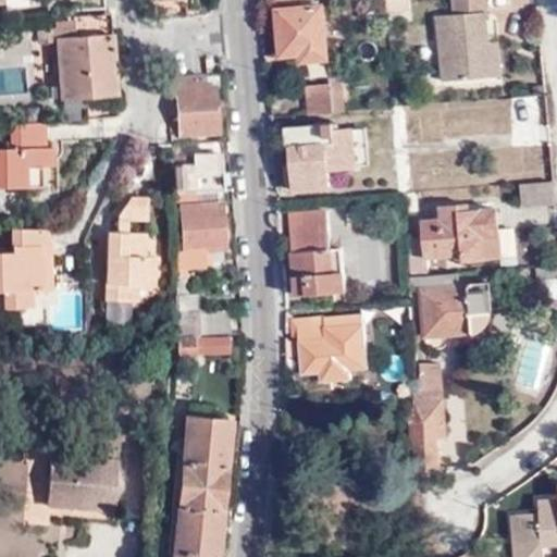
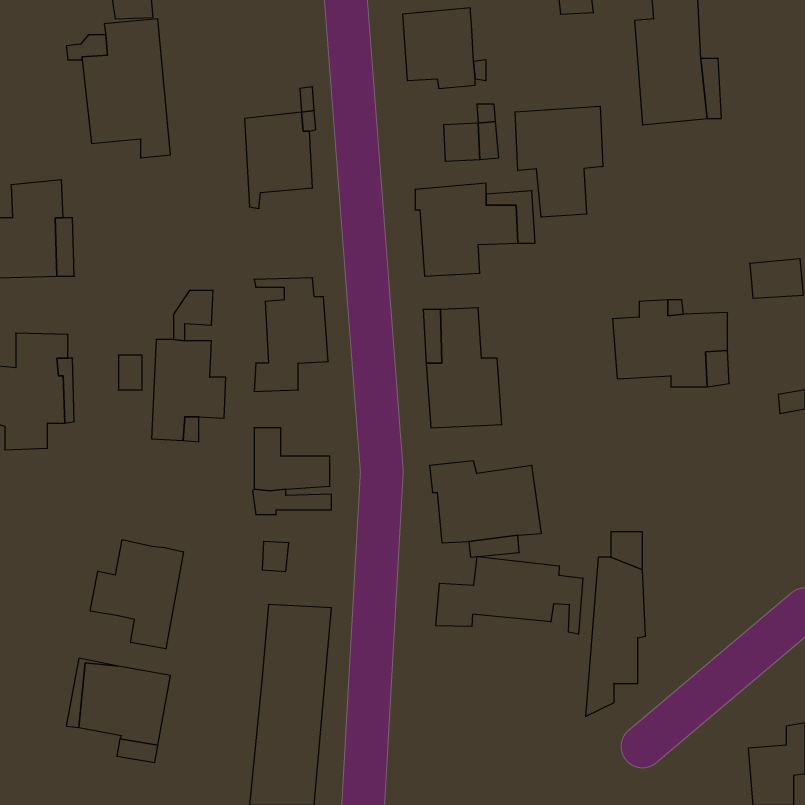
building: none -> [515,106,603,217]
building: [172,143,221,193] -> none
building: [409,281,487,338] -> none
building: none -> [90,540,184,649]
building: none -> [436,557,583,634]

